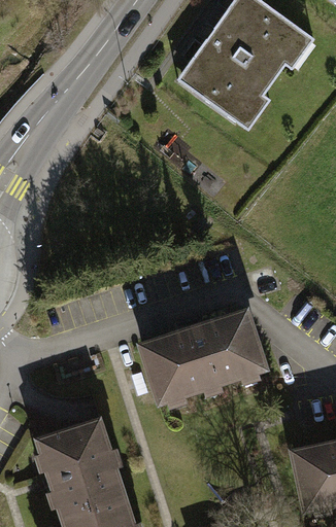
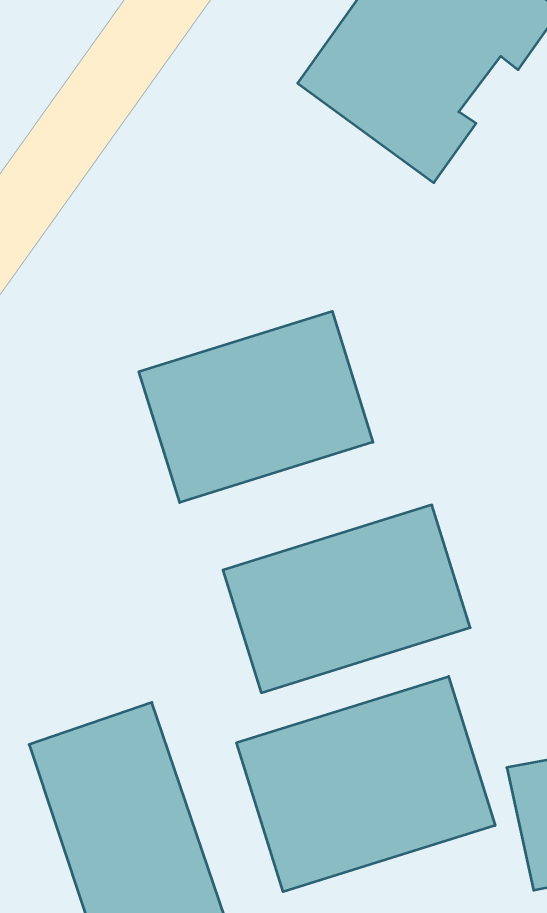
building: none -> [139,311,373,503]
building: none -> [237,676,495,892]

